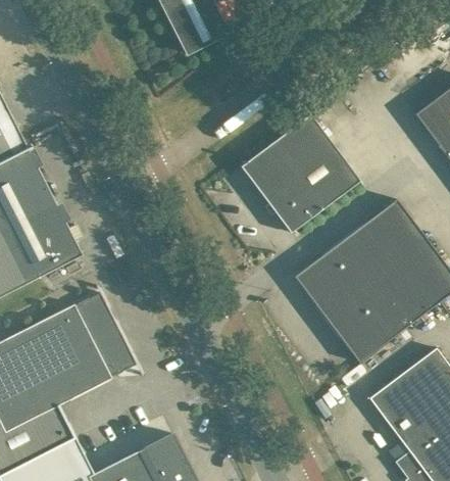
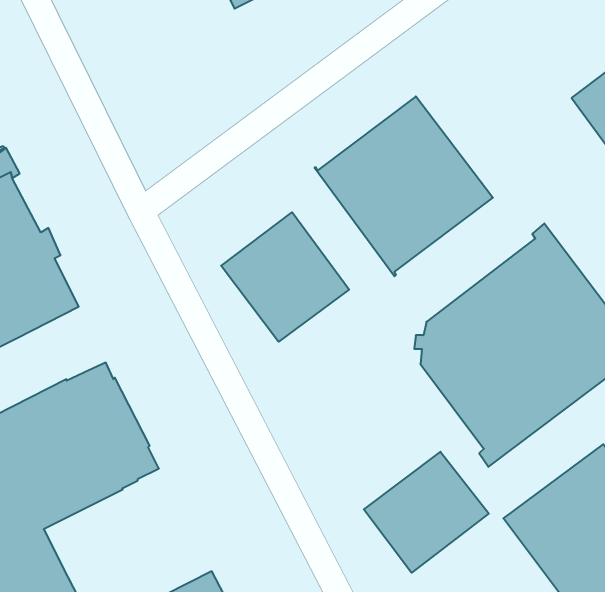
building: none -> [221,212,349,342]
building: none -> [364,452,489,573]

